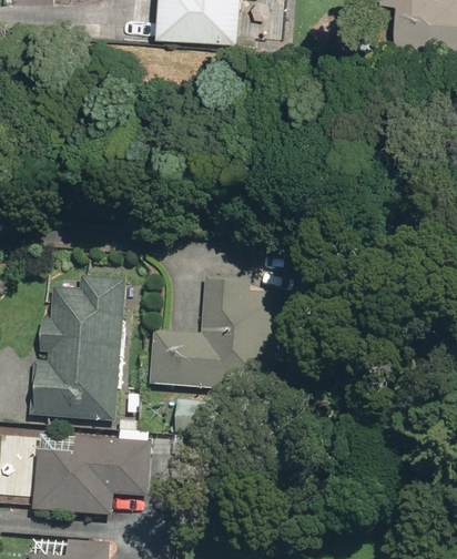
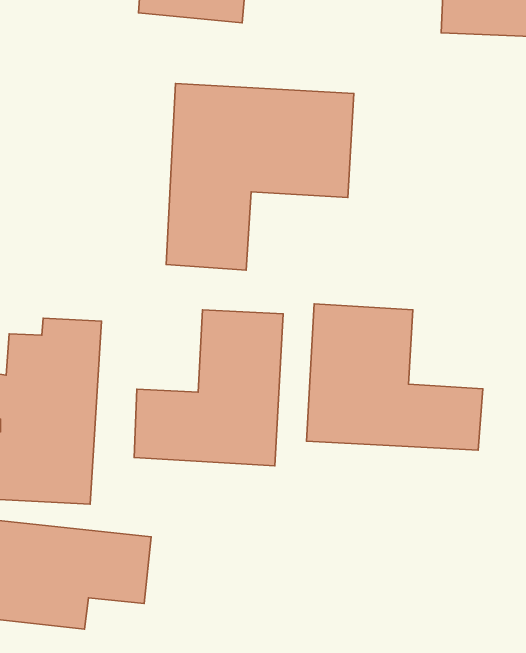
building: none -> [166,83,354,270]
building: none -> [306,304,483,450]

